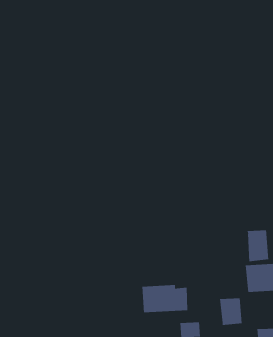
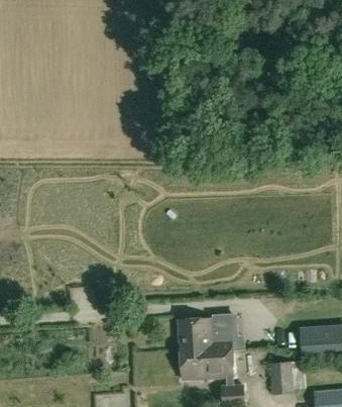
building: [247,229,269,262] -> none
building: none -> [179,316,233,349]

